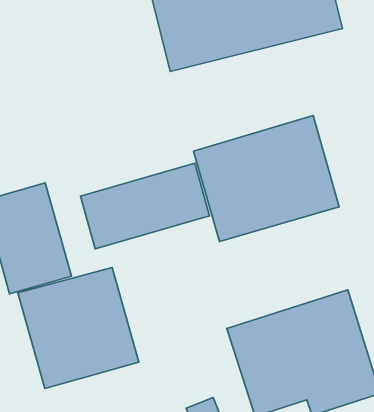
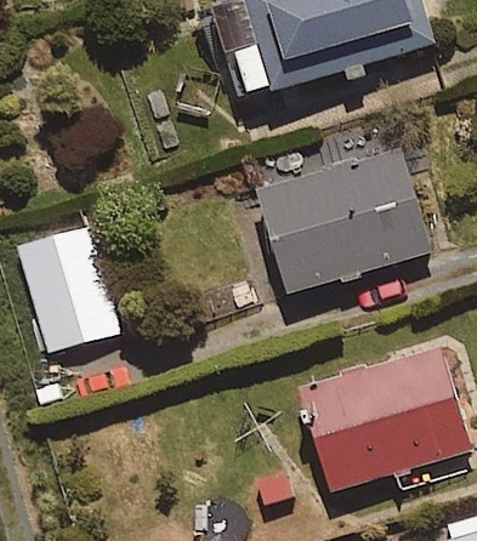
building: [81,163,210,249] -> none
building: [18,268,139,389] -> none

